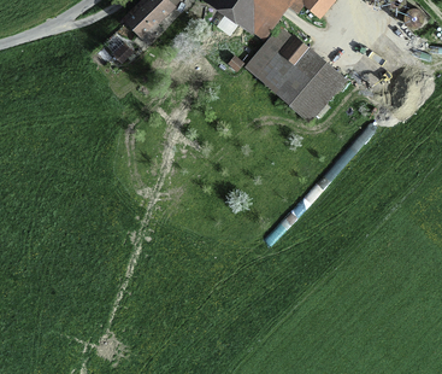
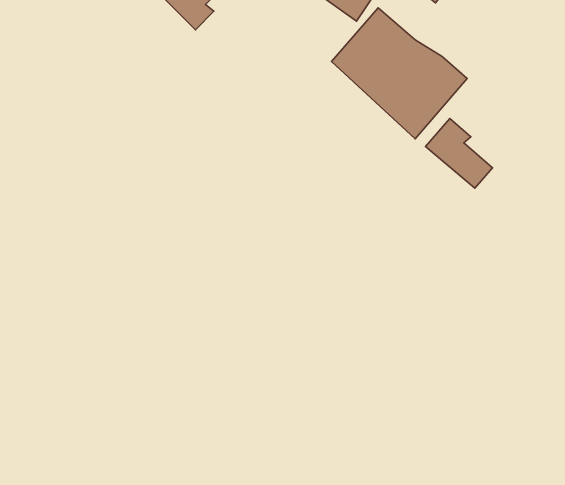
building: none -> [425,118,492,188]

